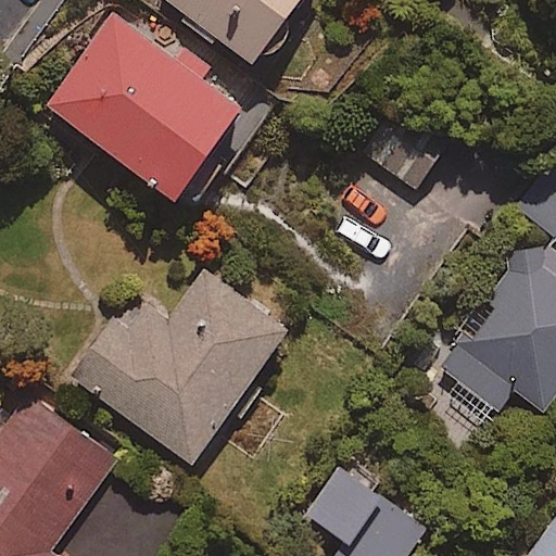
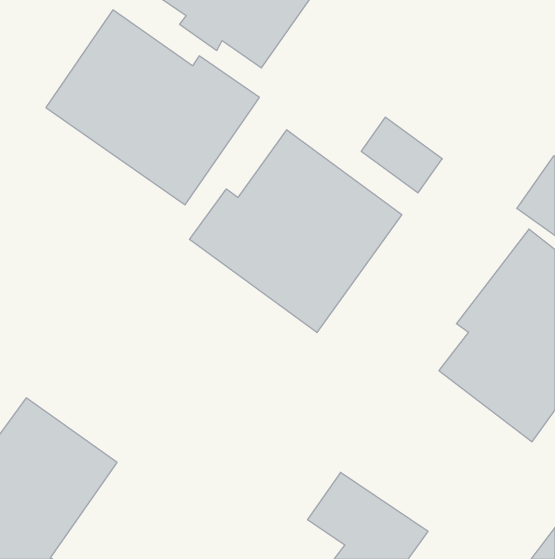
building: none -> [190,130,402,333]
building: [74,270,291,465] -> none

